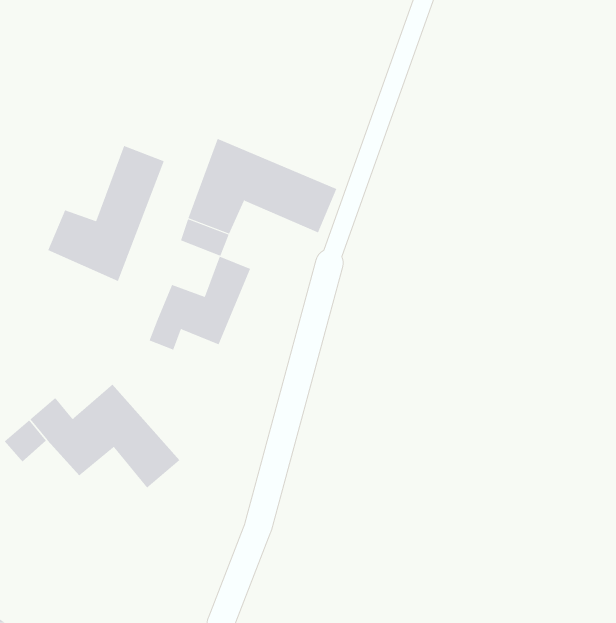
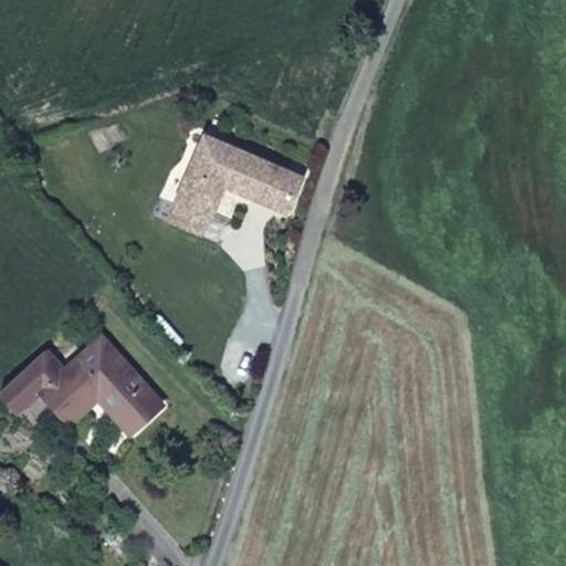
building: [47,145,164,282] -> none
building: [149,256,251,350] -> none

